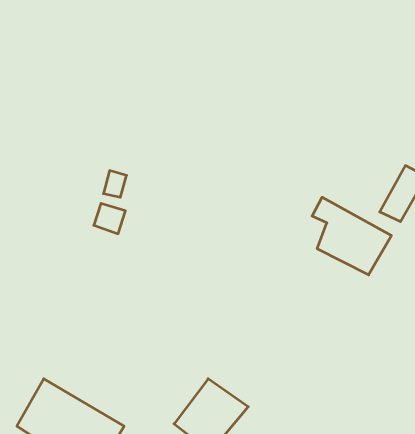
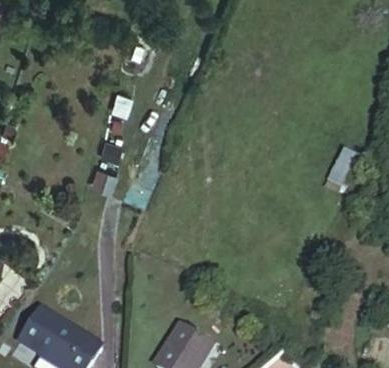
building: [312,197,391,275] -> none

